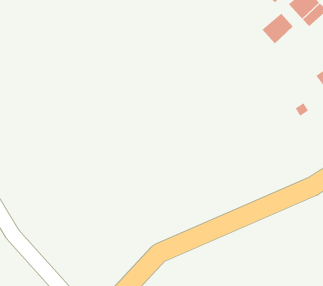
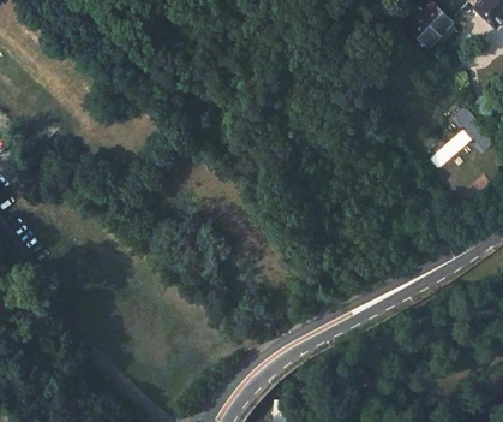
building: [262,13,293,44] -> none

